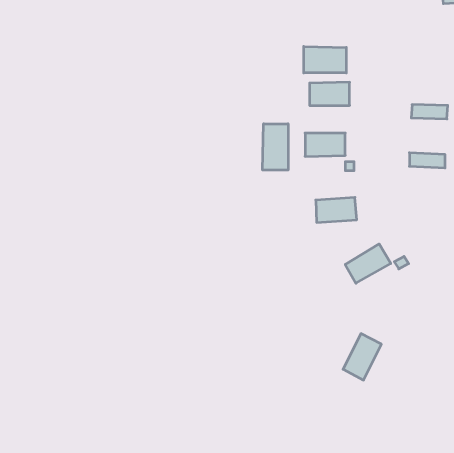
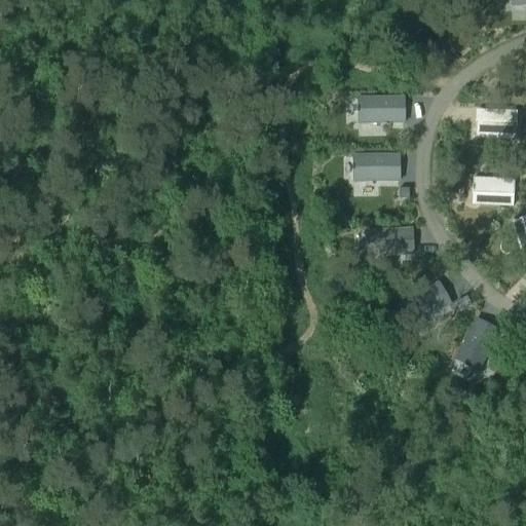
building: [304,46,346,73] -> none
building: [263,124,288,170] -> none
building: [343,334,381,380] -> [456,317,500,371]

